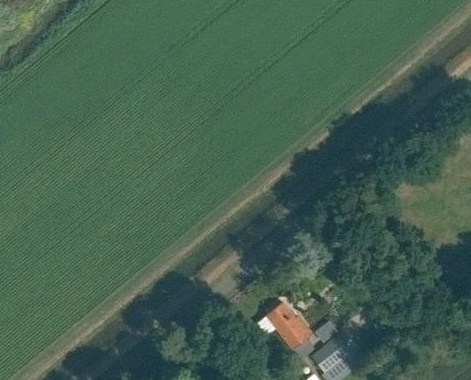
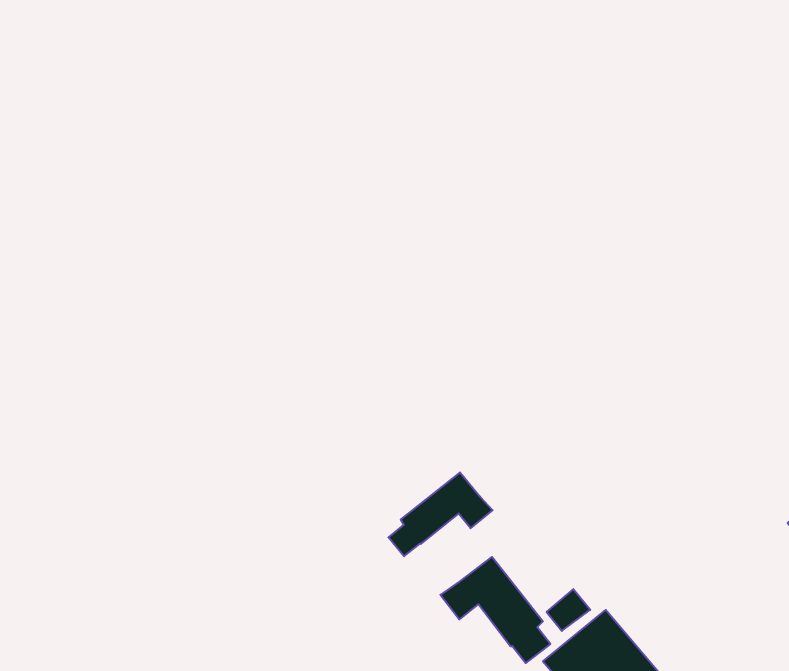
building: none -> [388,472,493,556]

